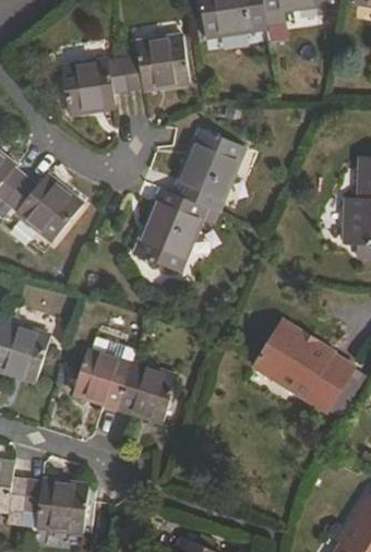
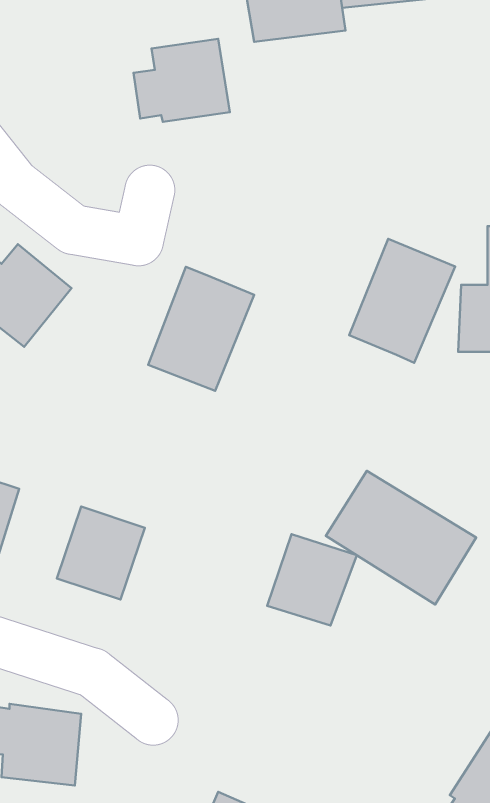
building: [63,57,130,115] -> none
building: [175,128,246,211] -> [349,239,455,363]
building: [117,361,177,422] -> [267,534,357,625]

